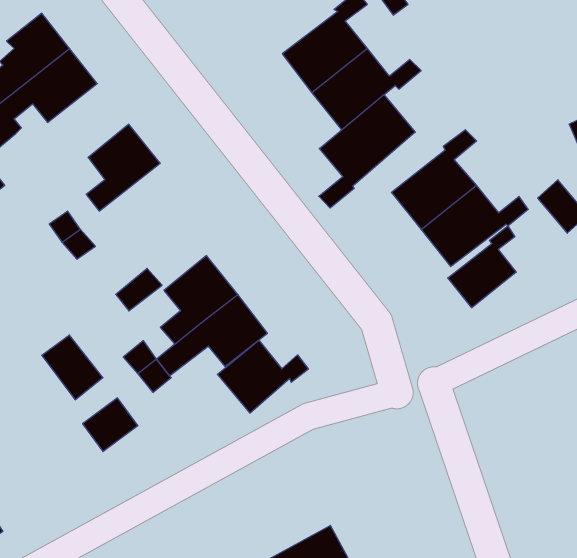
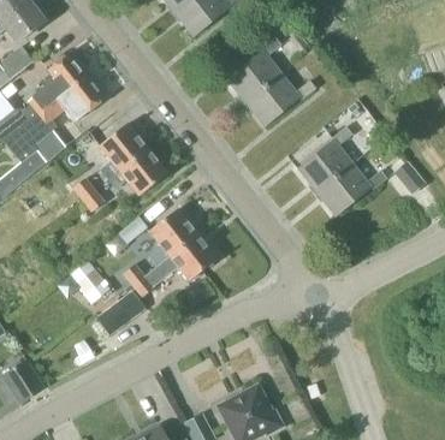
building: [319,95,415,208] -> none
building: none -> [107,148,167,195]
building: [448,226,516,308] -> none
building: [217,340,308,413] -> none

